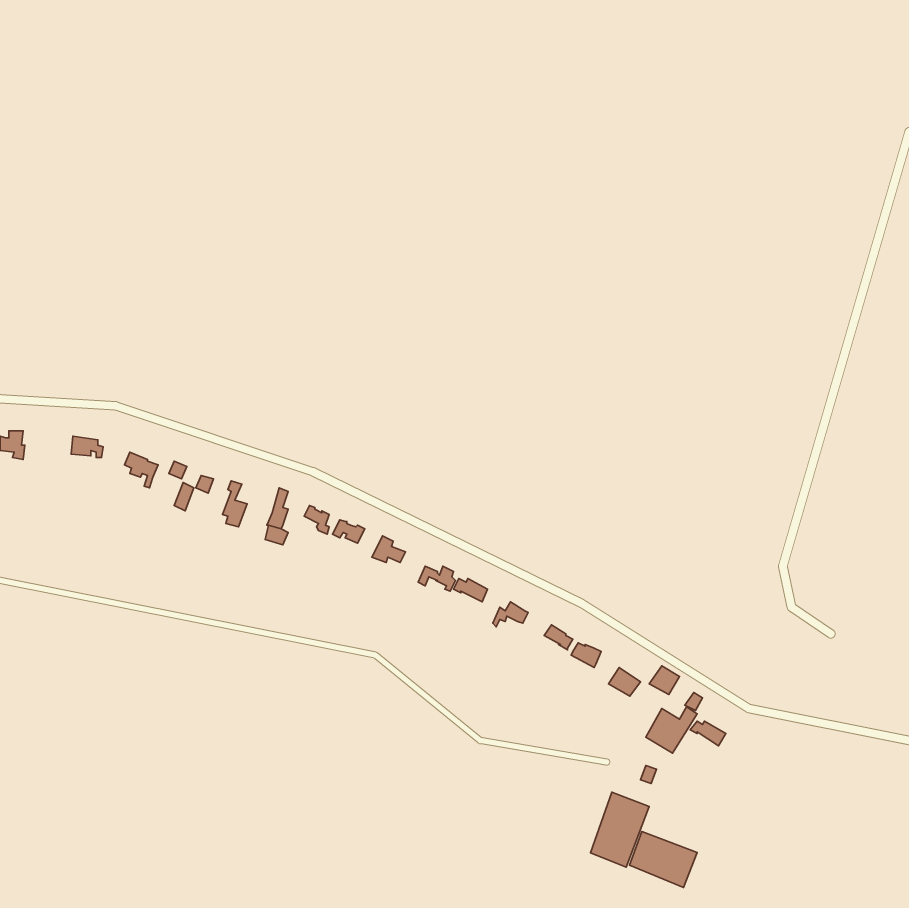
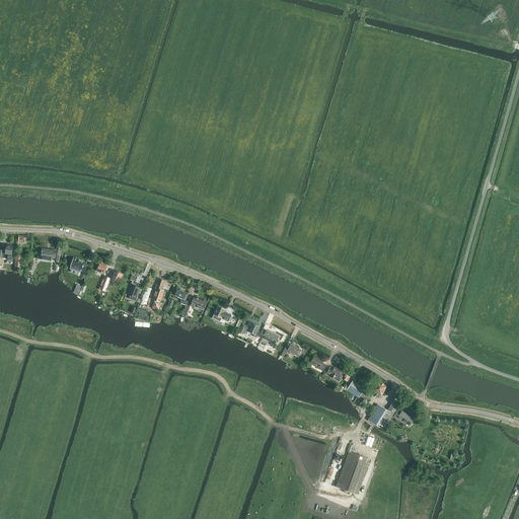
building: [629,831,697,888] -> none

